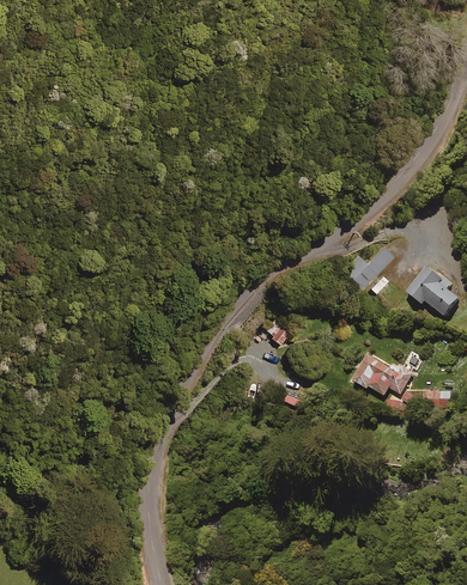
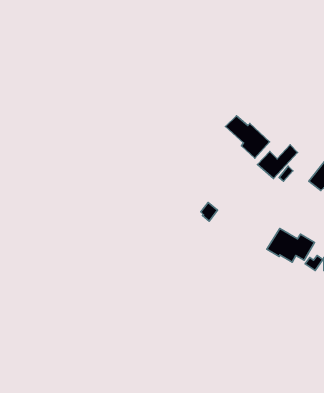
building: none -> [226,116,270,158]

